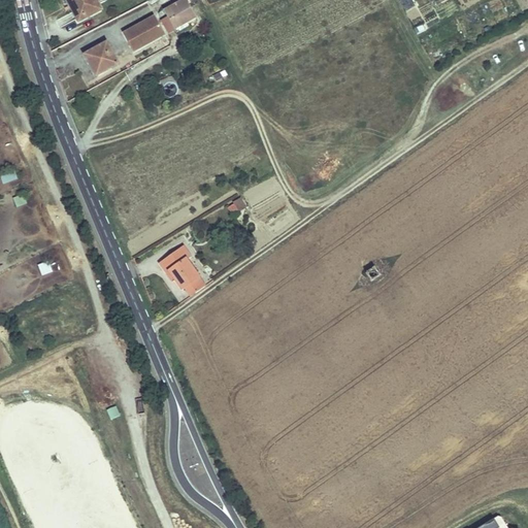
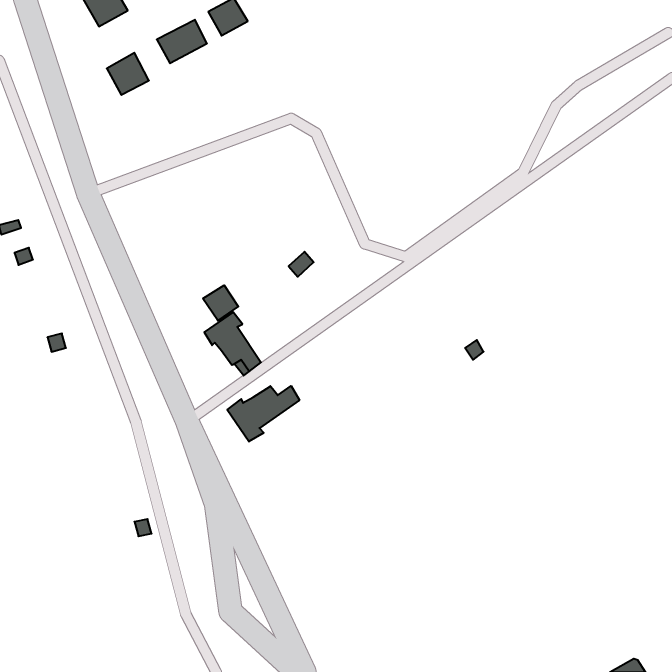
building: none -> [203,285,238,321]
building: none -> [227,386,299,442]

